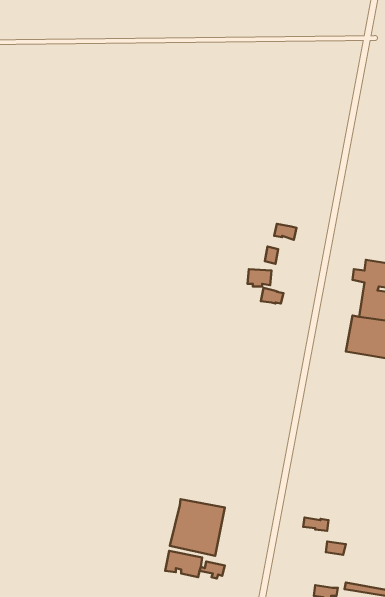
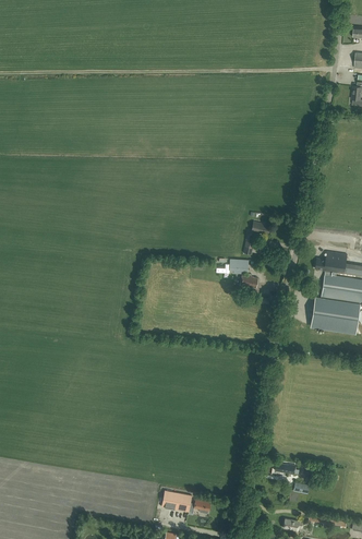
building: [170,499,225,556] -> none

